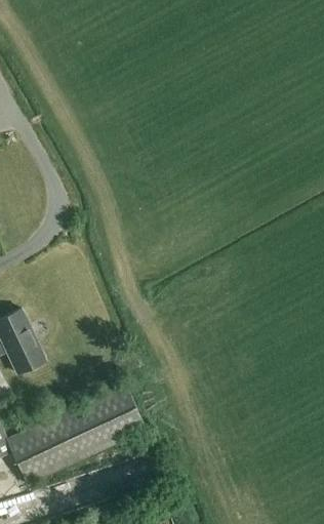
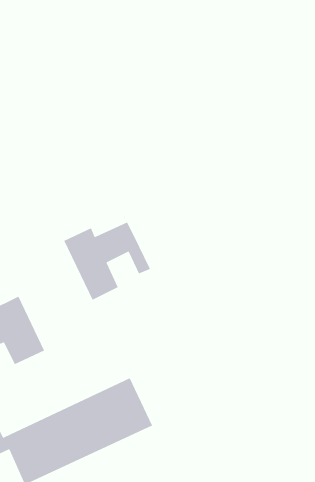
building: none -> [63,216,170,309]

